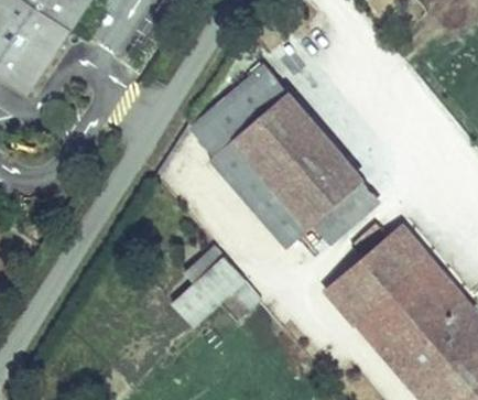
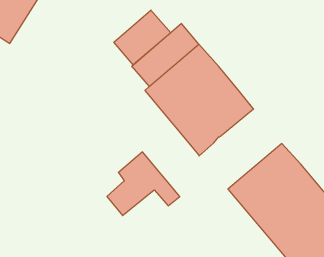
building: none -> [114,10,171,65]
building: [314,180,373,237] -> none

